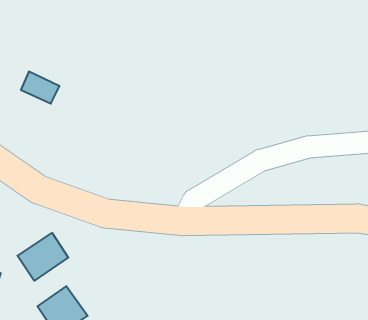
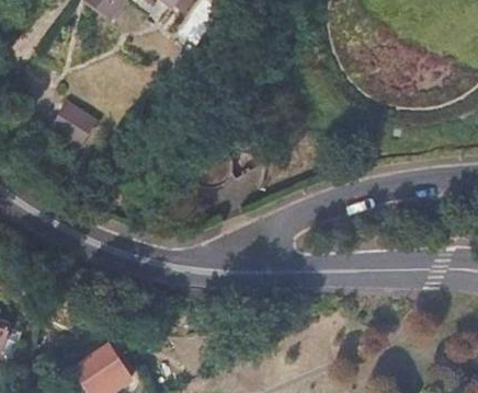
building: [17,233,68,281] -> none

